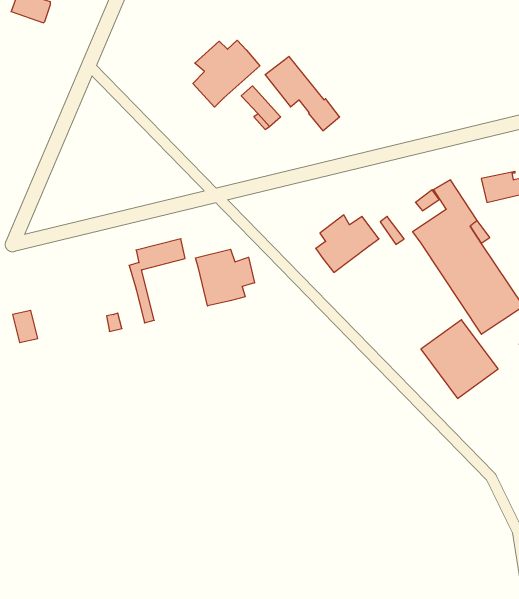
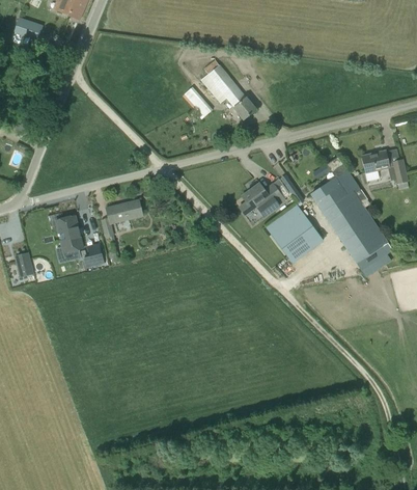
building: [193,40,260,107] -> none
building: [196,249,255,306] -> none
building: none -> [57,215,83,252]
building: [421,320,498,398] -> [267,205,324,263]

